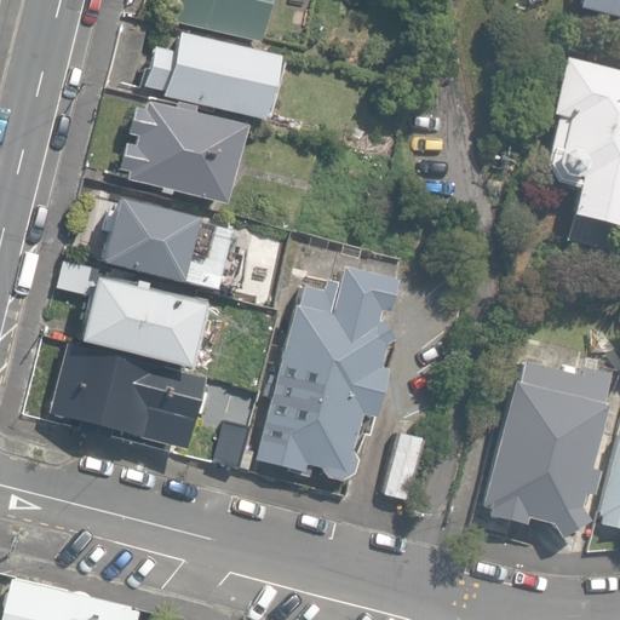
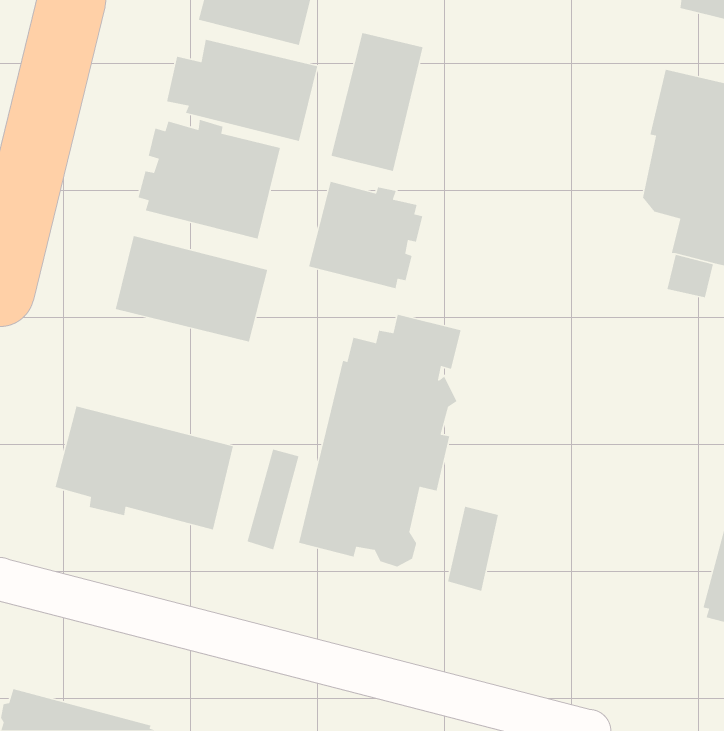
building: none -> [331,32,424,172]
building: none -> [308,181,423,289]
building: [61,259,203,367] -> none
building: [484,356,609,538] -> none

